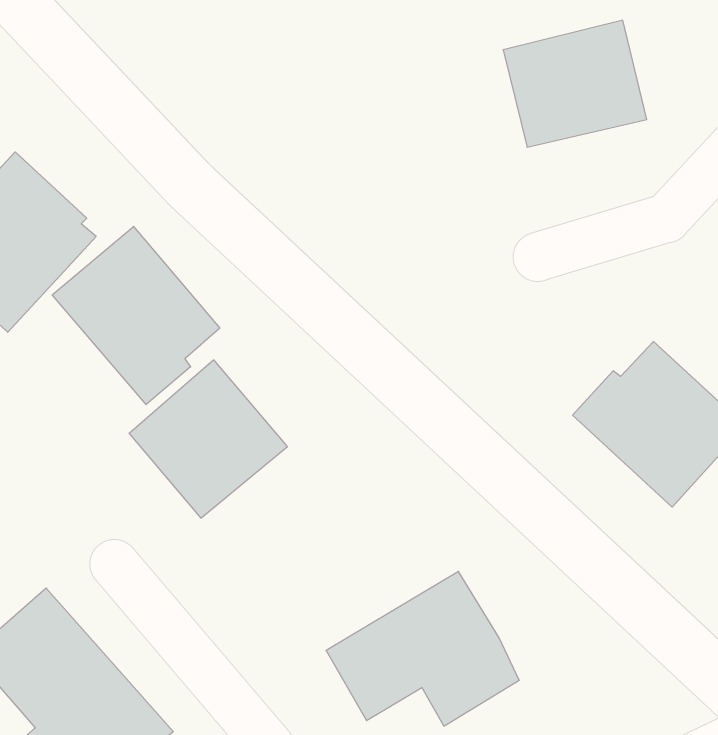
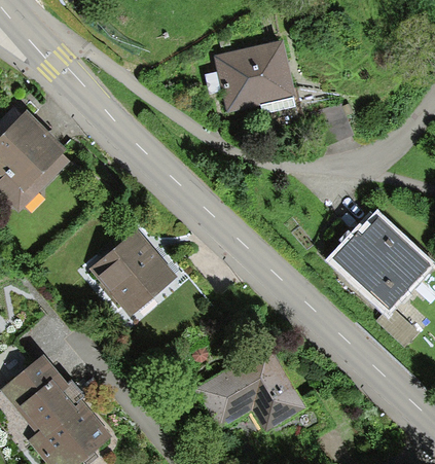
building: [503,20,647,147] -> [216,38,296,109]
building: [52,226,220,405] -> none

